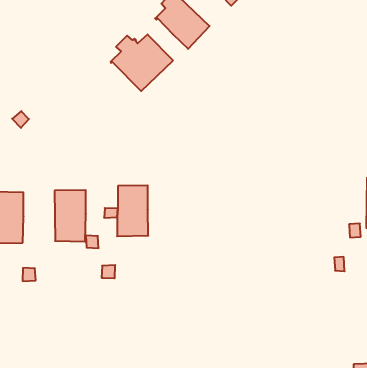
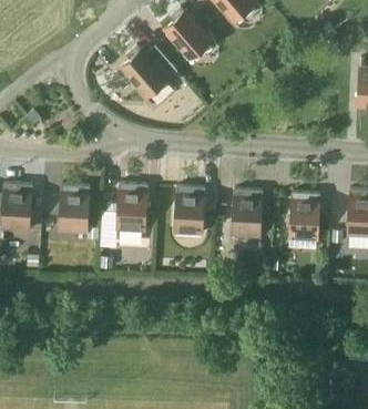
building: none -> [232,190,263,238]
building: none -> [289,193,320,241]
building: none -> [174,186,205,235]

